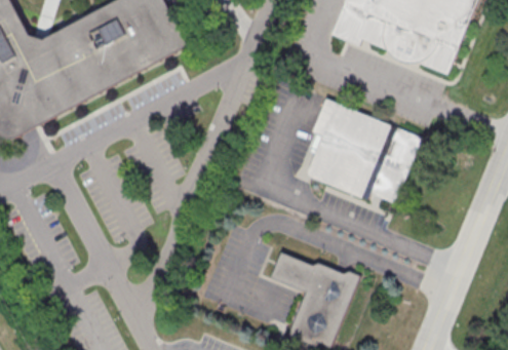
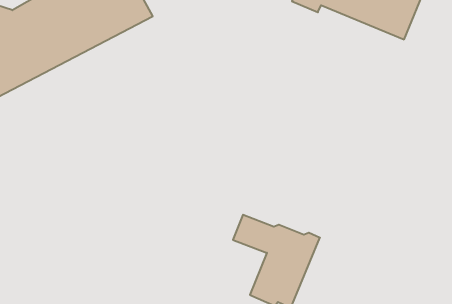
building: [308,98,421,203] -> none

